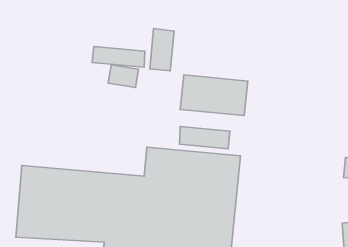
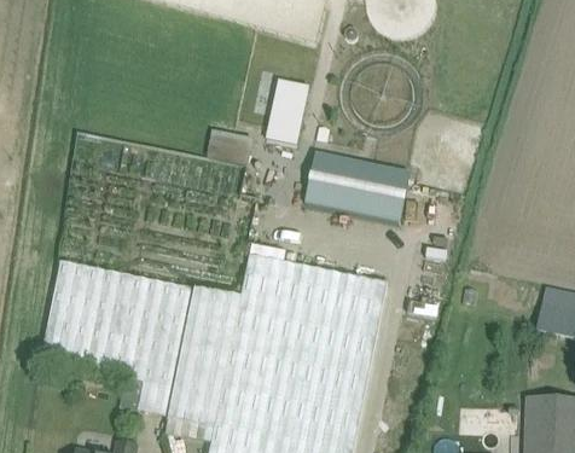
building: [92,46,145,67] -> none
building: [179,126,230,149] -> none

